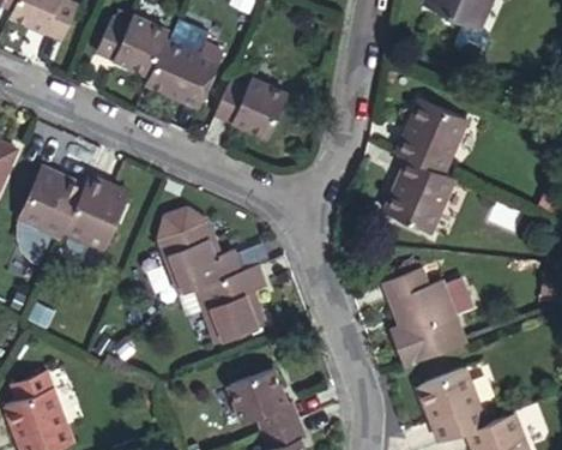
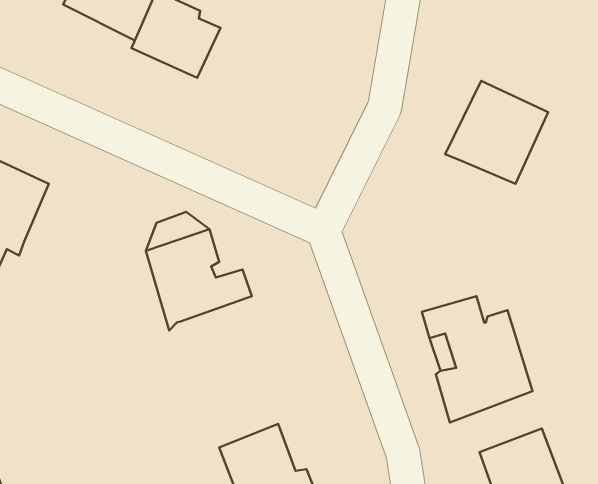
building: [218,68,291,128] -> none
building: [385,163,459,239] -> none
building: [71,170,134,239] -> none
building: [192,264,261,341] -> none

